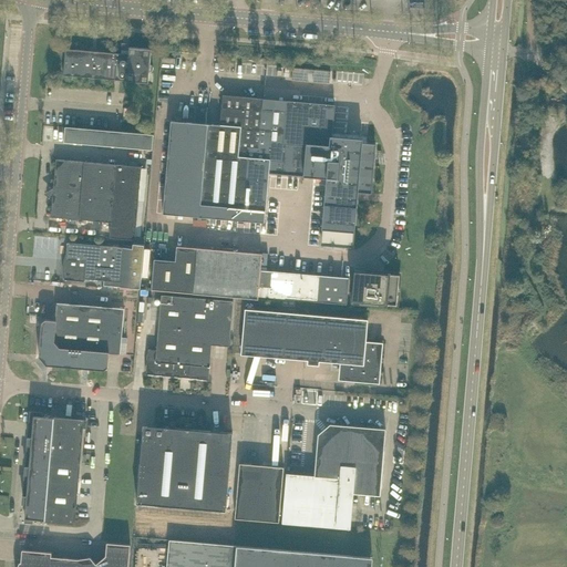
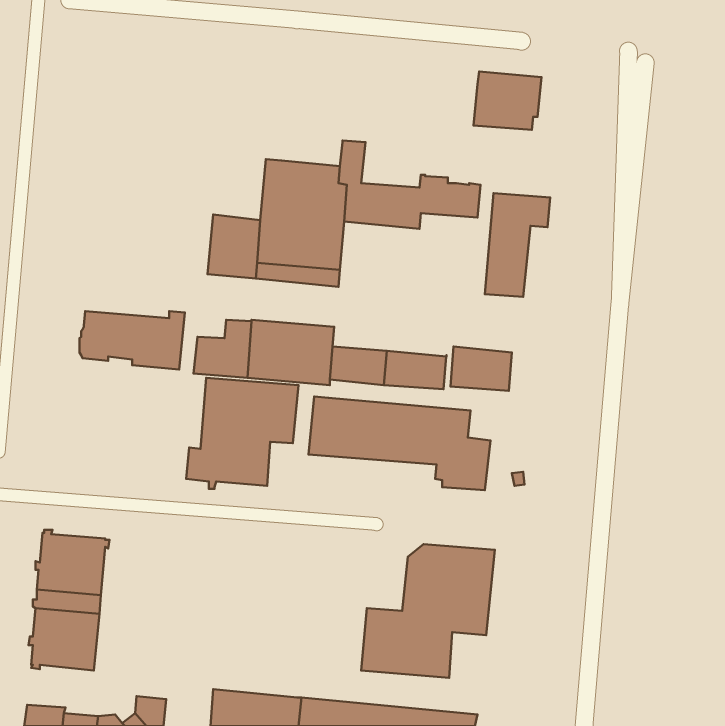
building: [62,47,153,83] -> none
building: [219,96,267,130] -> none
building: [281,101,334,146] -> [473,72,542,130]
building: [166,121,207,172] -> none
building: [66,123,157,155] -> none
building: [48,159,141,239] -> none
building: [321,166,372,247] -> [485,193,550,297]
building: [38,302,123,370] -> none
building: [135,426,231,511] -> none
building: [234,463,282,522] -> none

